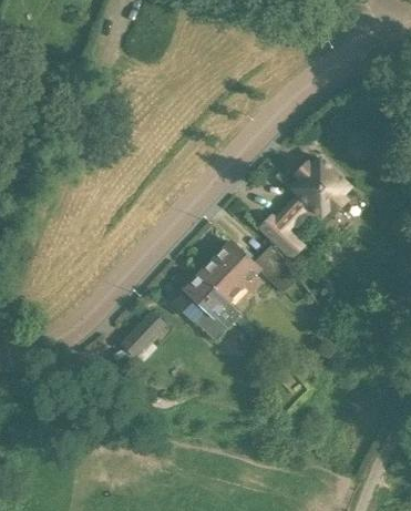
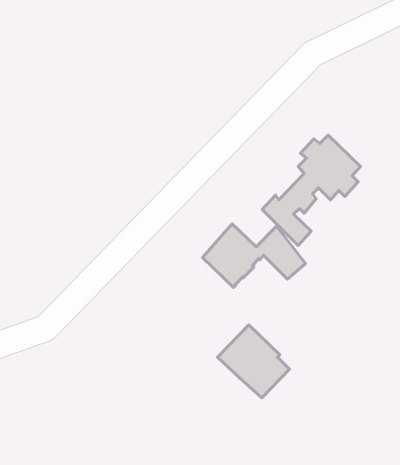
building: [174,270,240,338] -> [218,325,290,398]
building: [120,310,164,360] -> none

